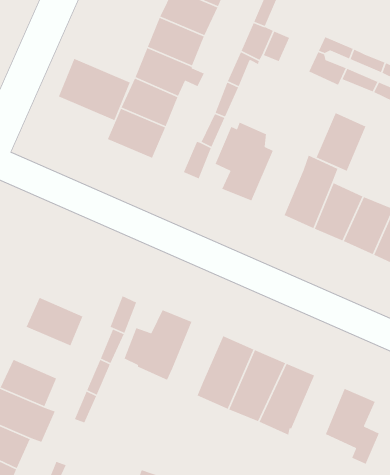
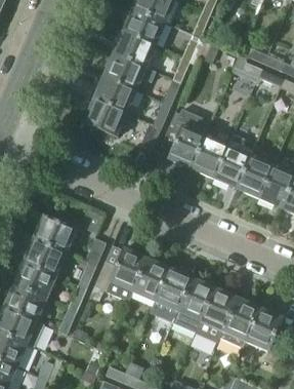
building: [58,58,131,121] -> none
building: [315,107,367,172] -> [191,130,228,179]
building: none -> [33,216,76,254]
building: none -> [132,258,169,303]
building: none -> [13,262,56,300]
building: none -> [220,298,259,348]

